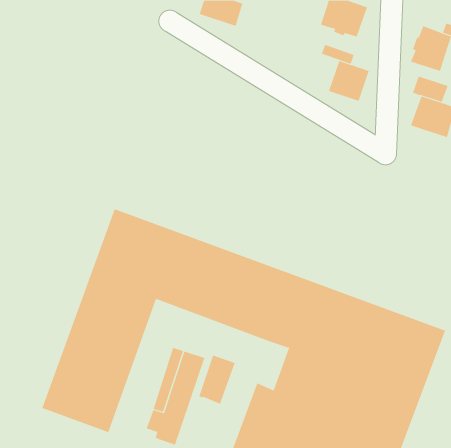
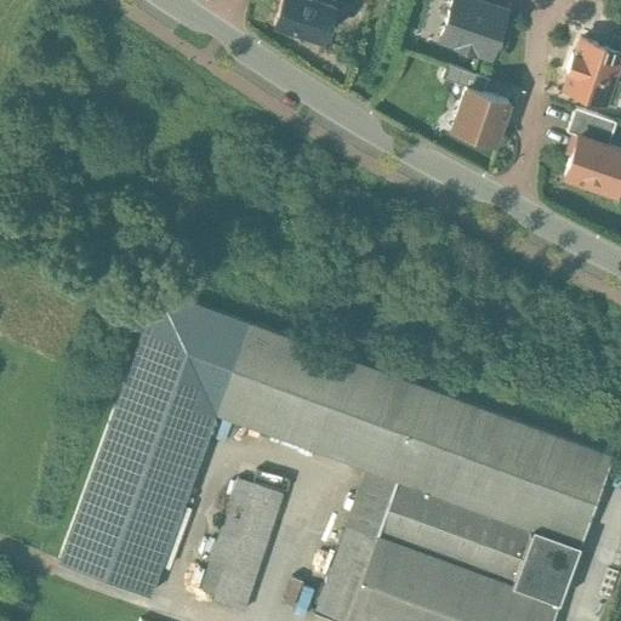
building: [198,355,236,404] -> [346,472,397,540]

